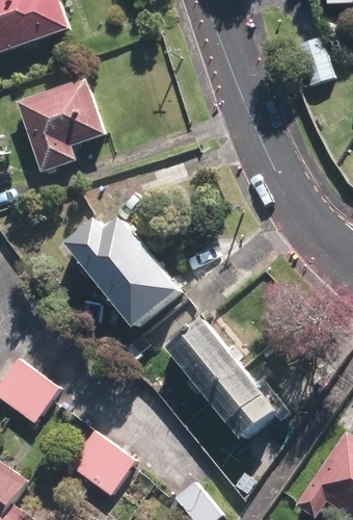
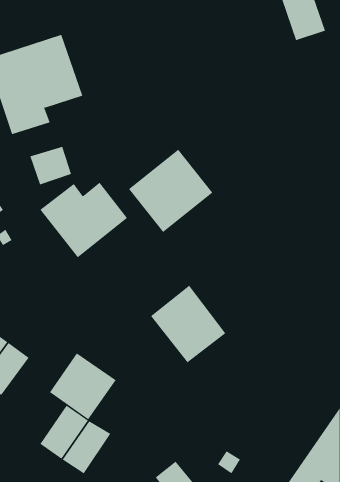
building: [102,255,181,333] -> [128,149,213,233]
building: [203,362,278,439] -> none
building: none -> [49,352,117,420]

